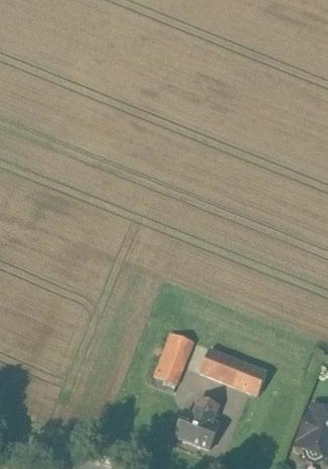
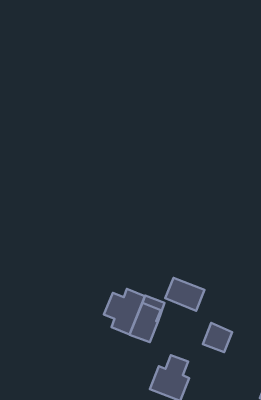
building: none -> [104,289,145,334]
building: [200,349,243,385] -> [165,278,205,311]

